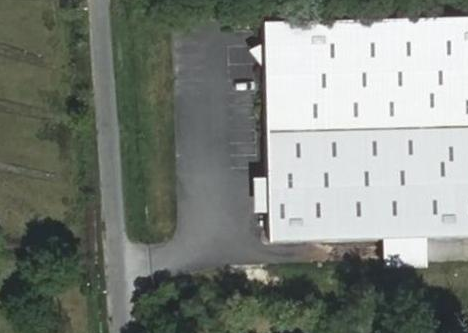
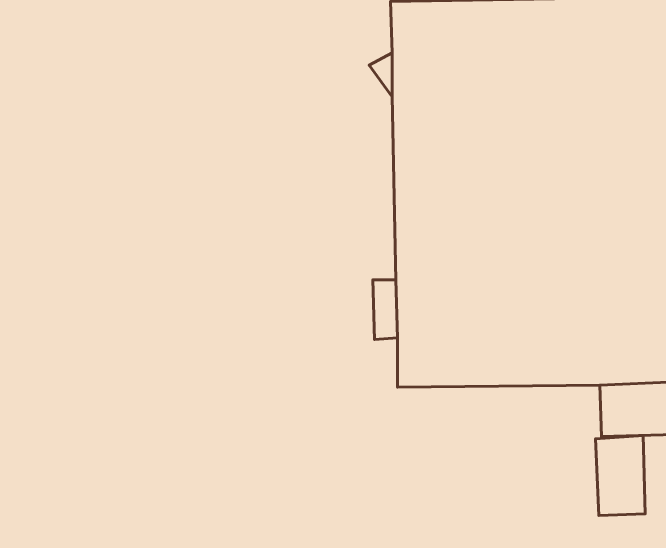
building: none -> [595,435,645,515]

